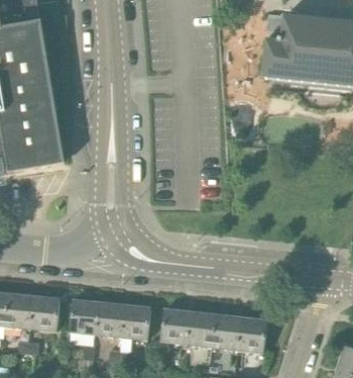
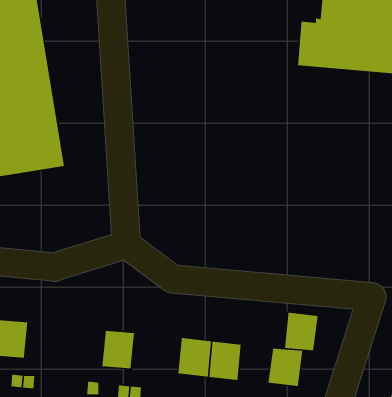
building: [30,296,60,330] -> none
building: [70,300,99,335] -> none
building: [121,305,150,340] -> none
building: [212,315,241,349] -> [284,312,319,351]

